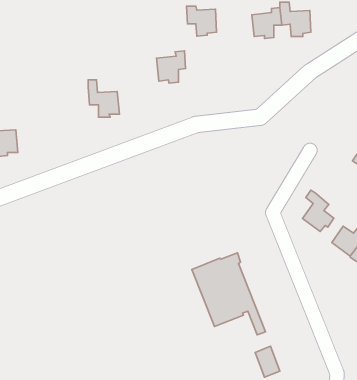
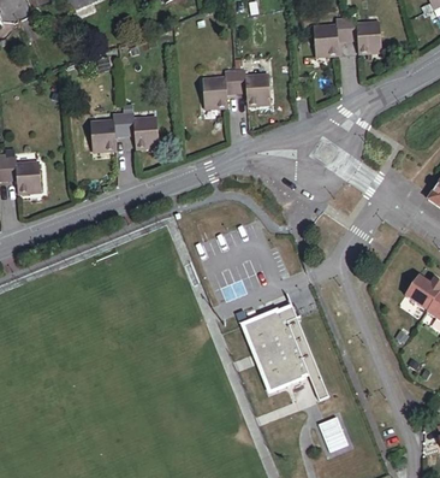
building: [186,6,216,36] -> [234,70,269,105]
building: none -> [90,112,124,149]
building: [302,190,334,231] -> none

